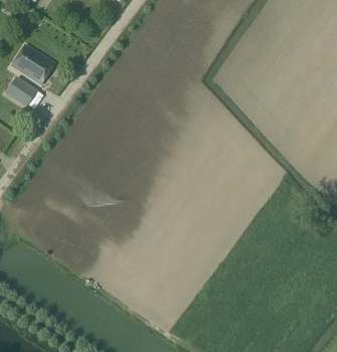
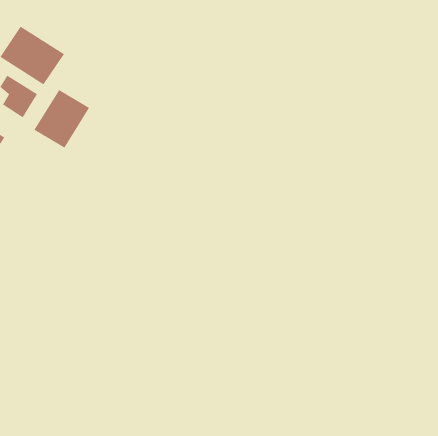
building: none -> [34,89,90,149]

